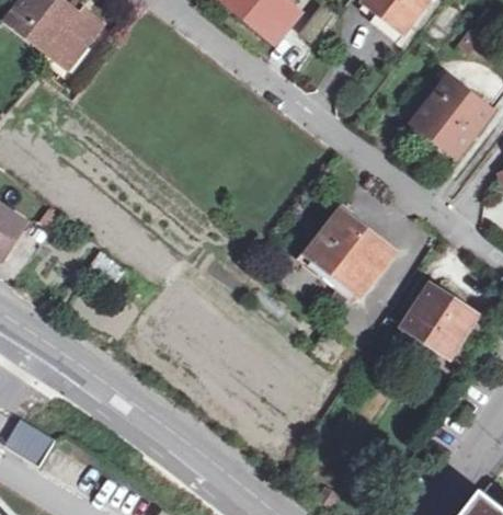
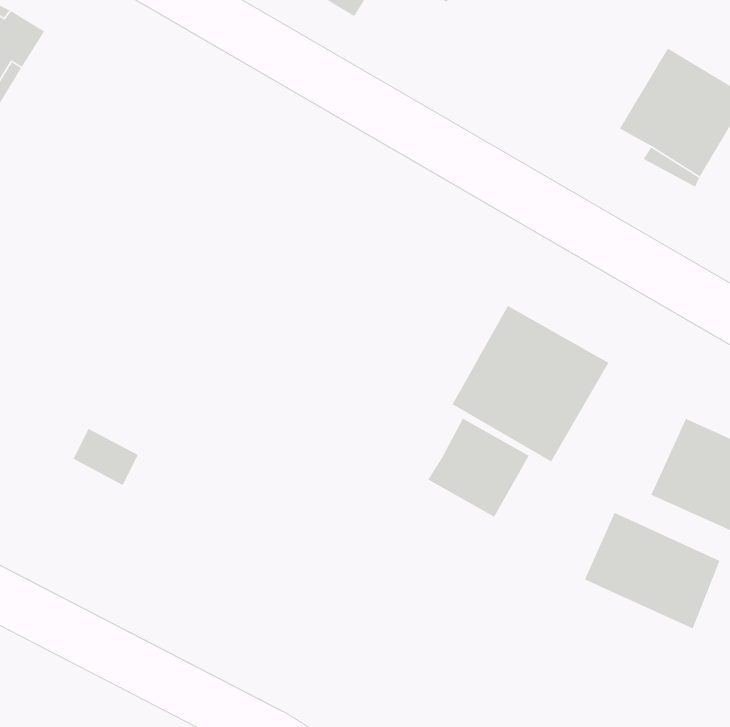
building: none -> [427,417,530,518]
building: none -> [584,512,721,629]

